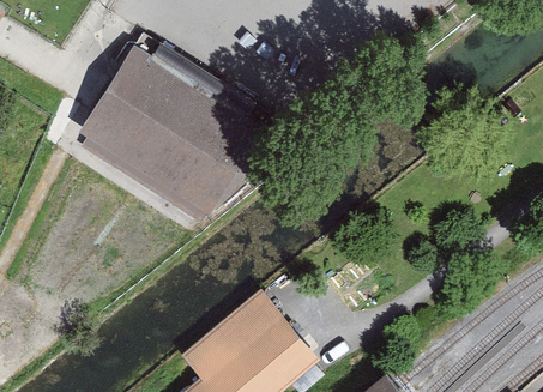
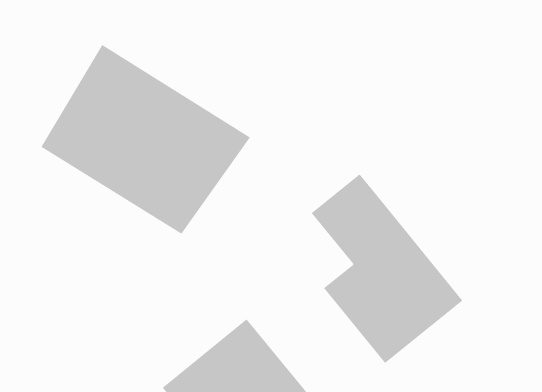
building: none -> [311,174,463,364]

